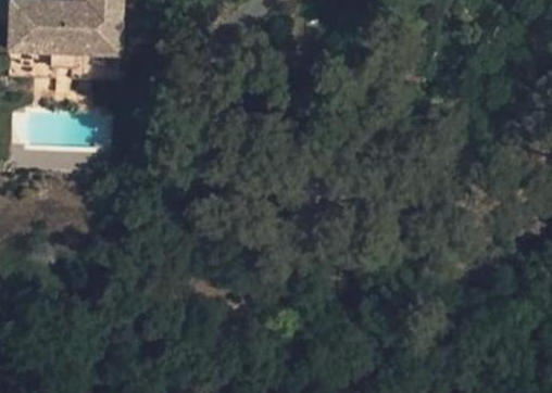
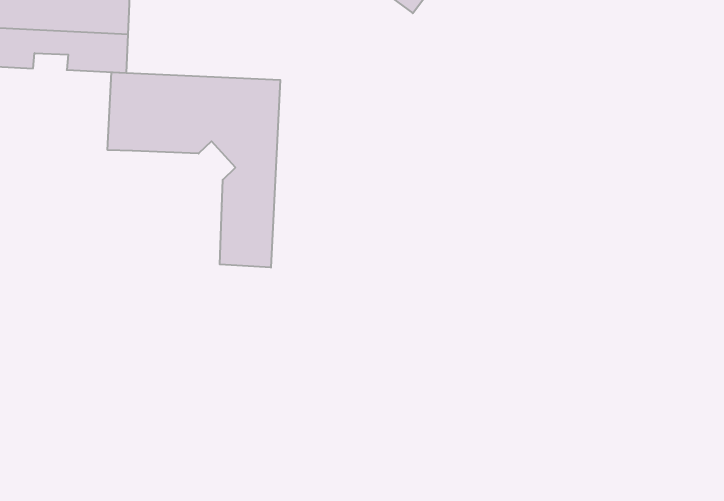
building: none -> [108,72,280,268]

